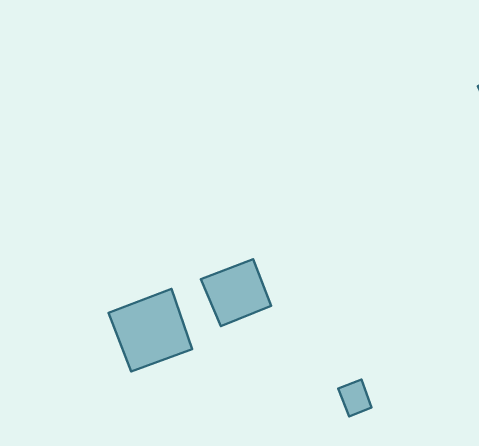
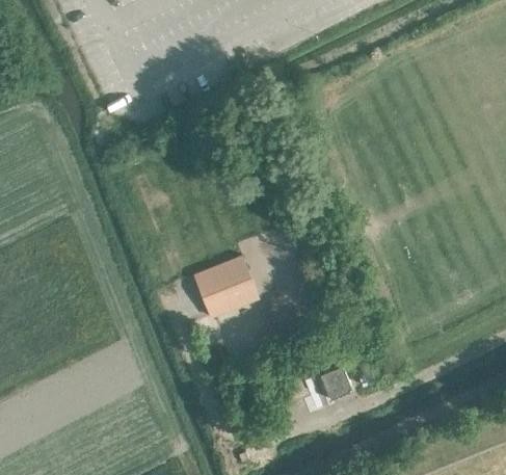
building: [109,289,192,371] -> none

